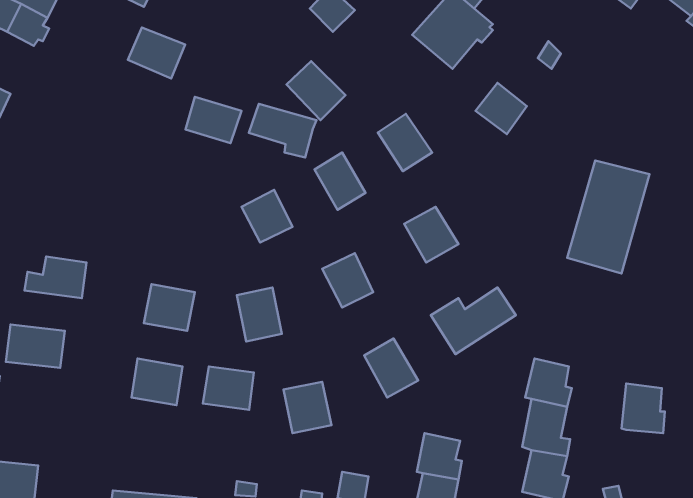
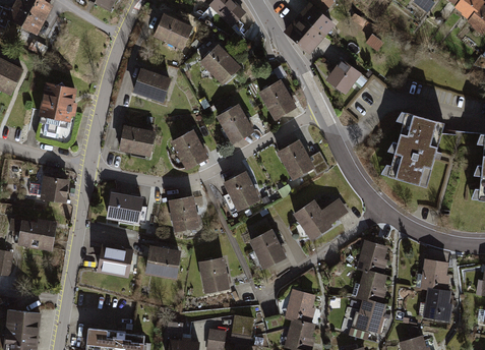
building: [128,27,185,79] -> [154,15,191,49]
building: [249,104,316,158] -> none
building: none -> [38,84,75,125]
building: none -> [121,126,156,155]
building: none -> [421,289,453,323]

